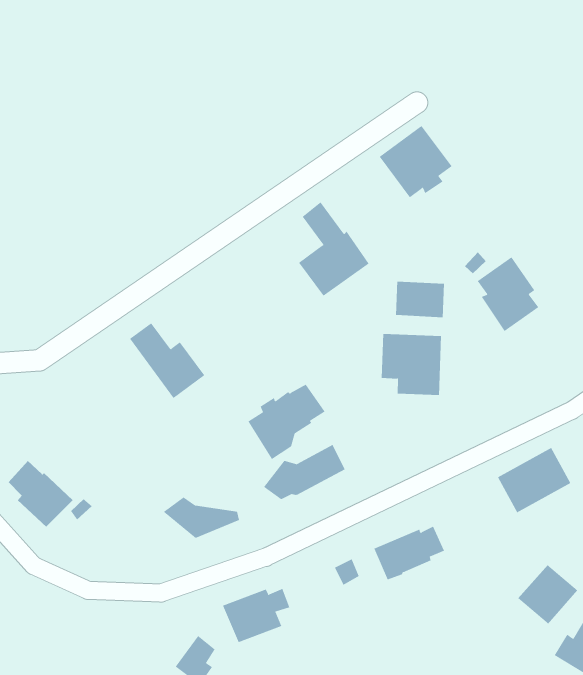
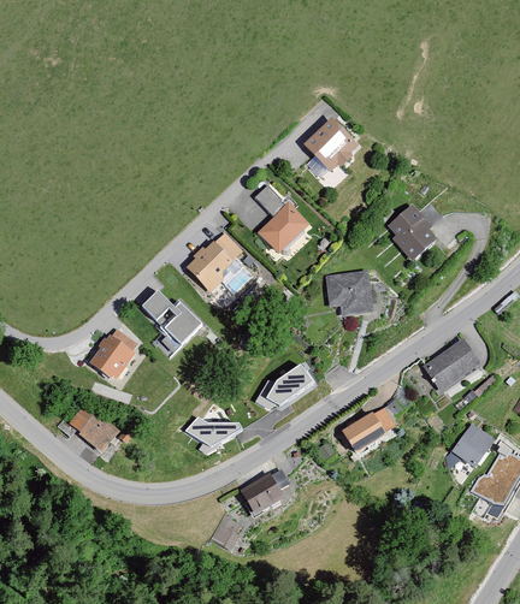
building: [396,281,444,318] -> none
building: none -> [88,330,136,378]
building: [248,384,325,460] -> [187,233,242,292]

